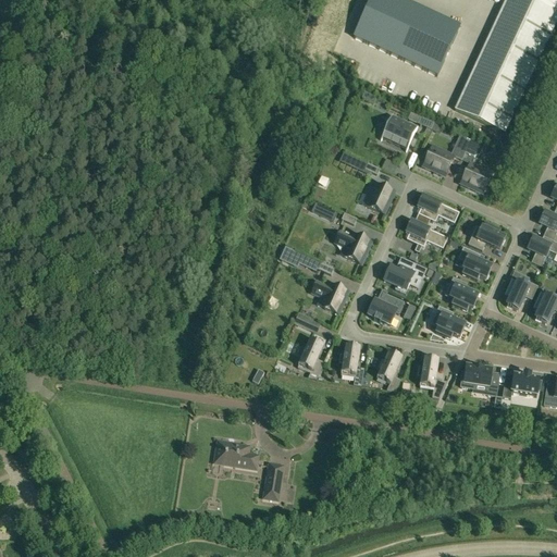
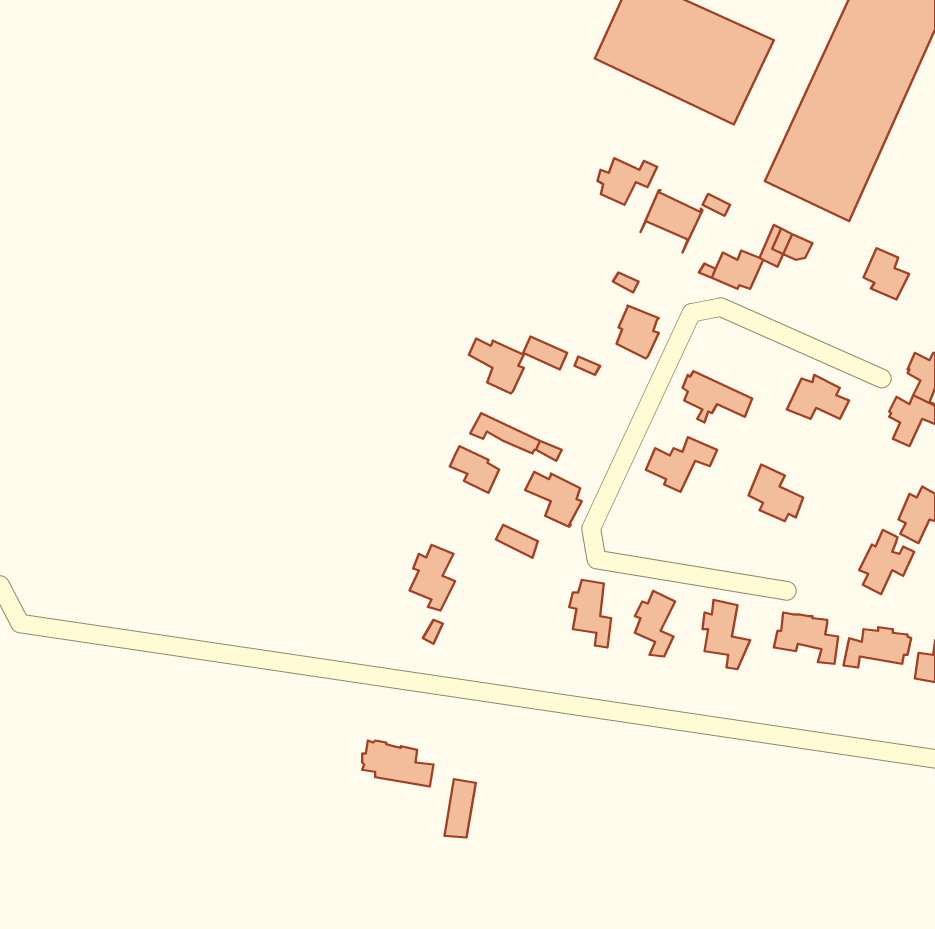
building: none -> [598,158,657,205]
building: [462,162,490,193] -> [864,248,909,299]
building: [416,195,459,224] -> none
building: [336,231,369,263] -> [469,339,524,393]
building: [458,246,492,280] -> none
building: none -> [450,446,499,493]
building: [505,272,537,310] -> [859,530,914,594]
building: [368,293,404,323] -> none
building: [431,305,465,338] -> none
building: [297,339,324,379] -> [410,545,455,611]

